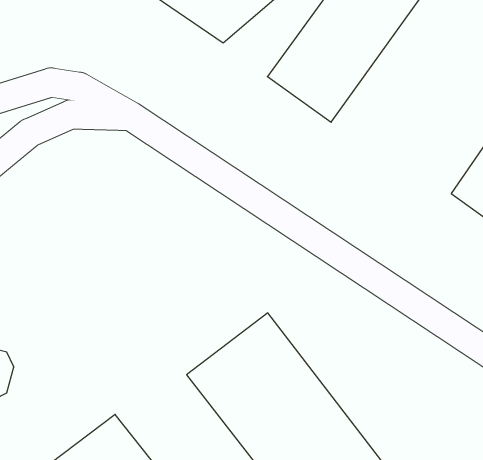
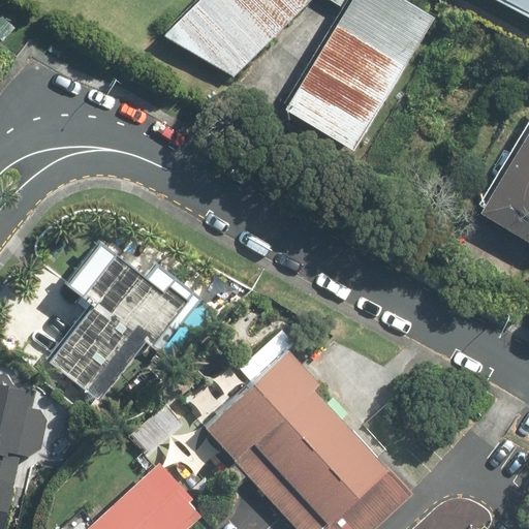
building: none -> [42,243,198,402]

